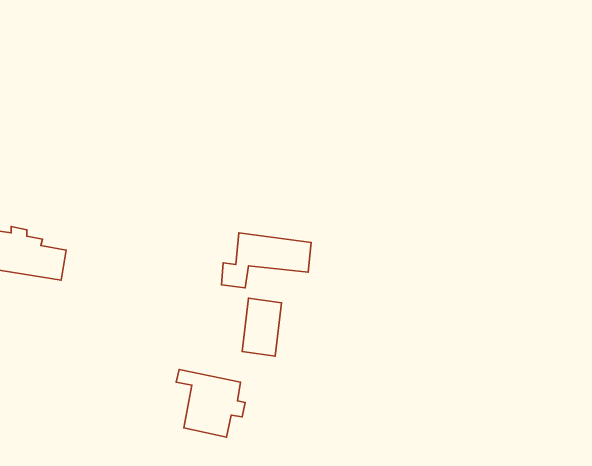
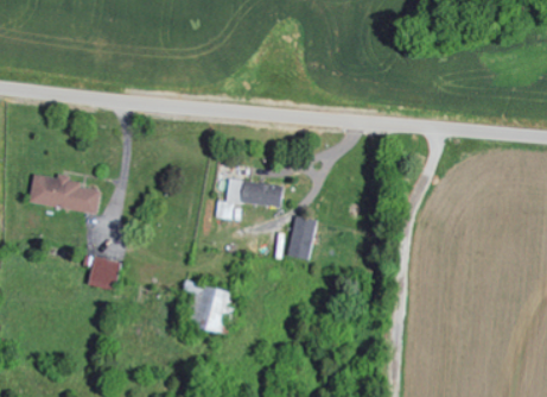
building: [242,298,282,356] -> [288,216,318,260]
building: none -> [87,257,119,290]

